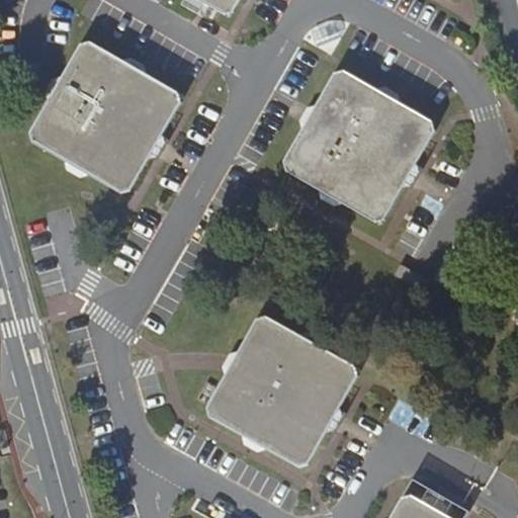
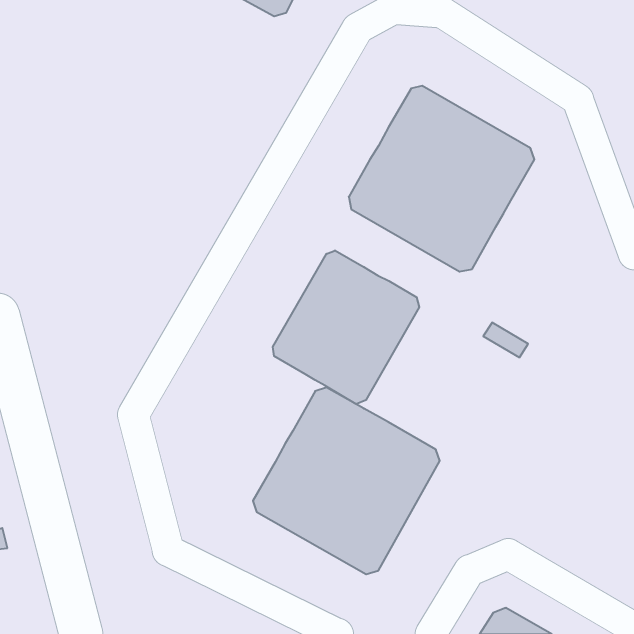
building: [29,40,180,192] -> none
building: none -> [273,250,419,404]

